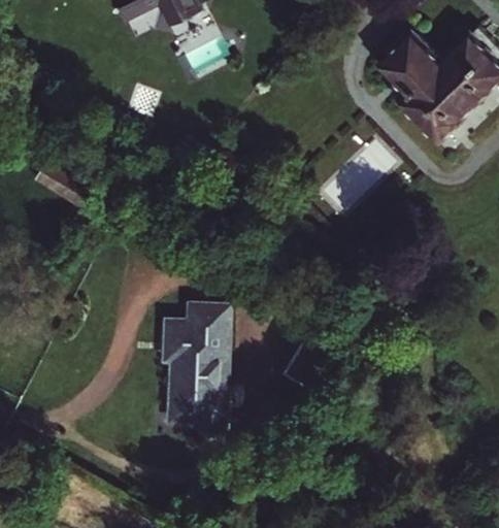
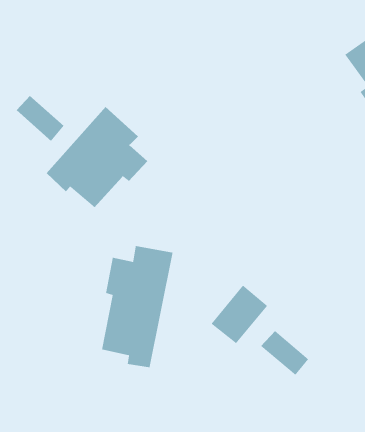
building: none -> [46,106,148,208]
building: none -> [260,330,309,376]

